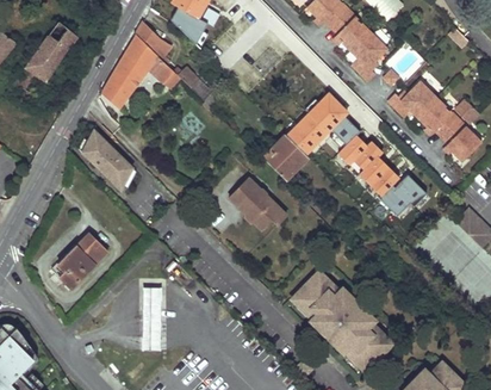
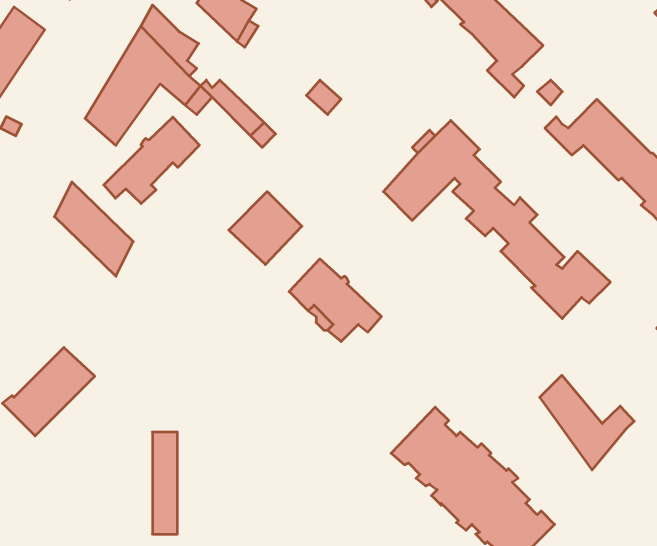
building: none -> [104,117,199,204]
building: [261,135,306,180] -> [229,192,302,265]
building: none -> [540,375,634,470]

